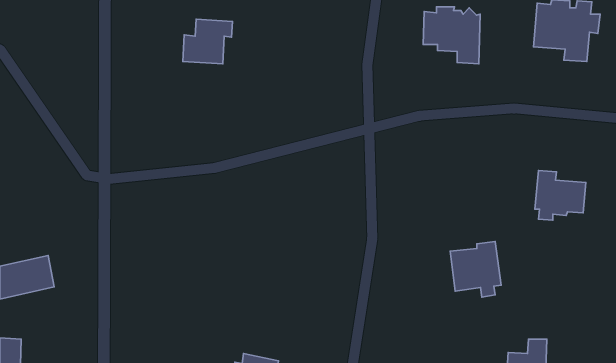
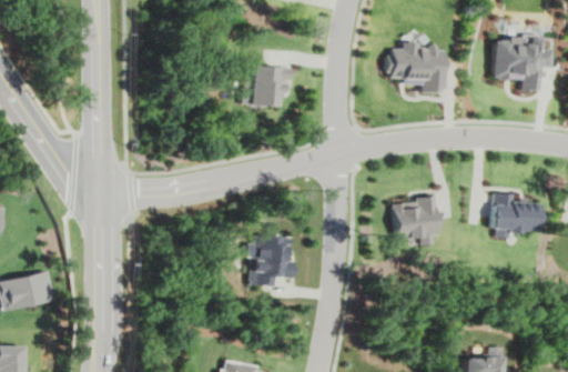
building: [183,19,233,64] -> [242,64,287,105]
building: none -> [246,235,293,285]
building: [450,241,501,297] -> [392,194,438,245]

